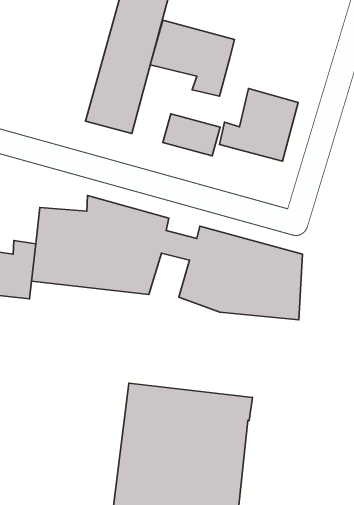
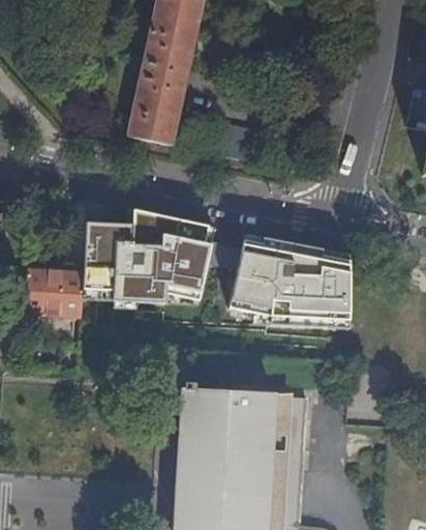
building: [150,20,234,96] -> none
building: [219,89,298,161] -> none

